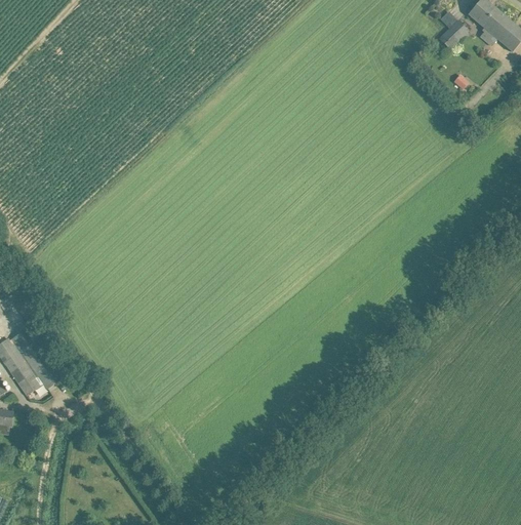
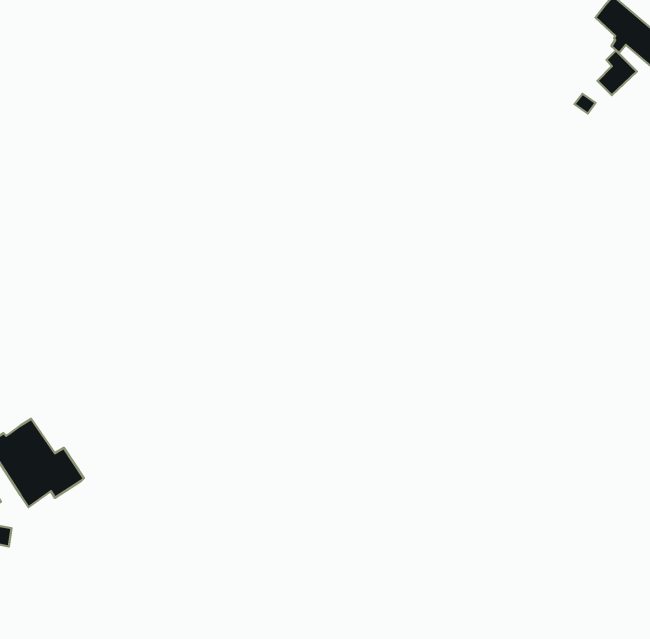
building: [437,14,468,49] -> [597,50,637,95]

